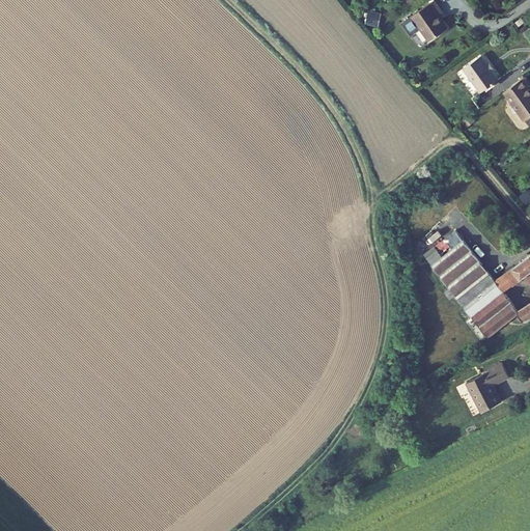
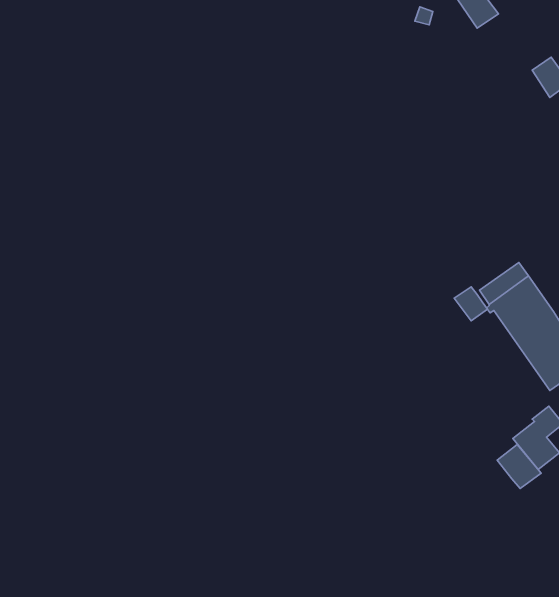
building: none -> [454,287,487,321]
building: none -> [497,444,541,489]

